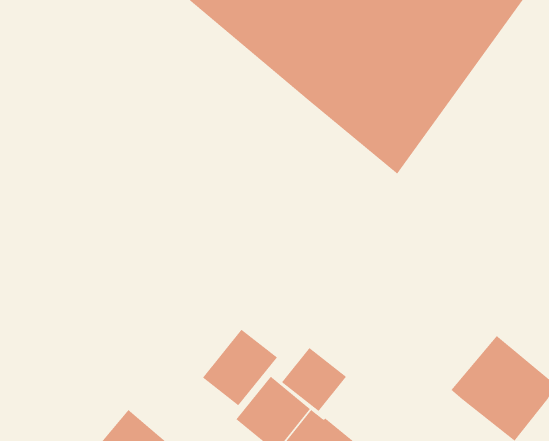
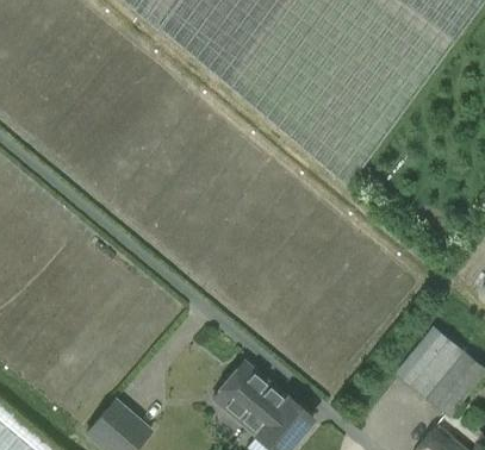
building: [202,329,278,406] -> none
building: [281,347,347,412] -> none

